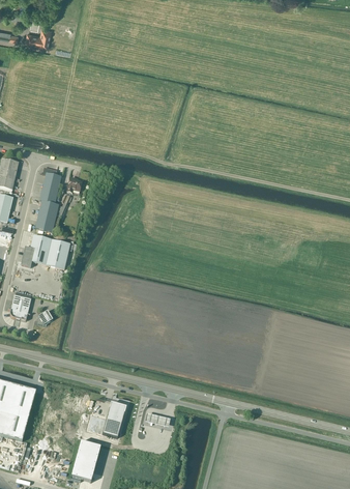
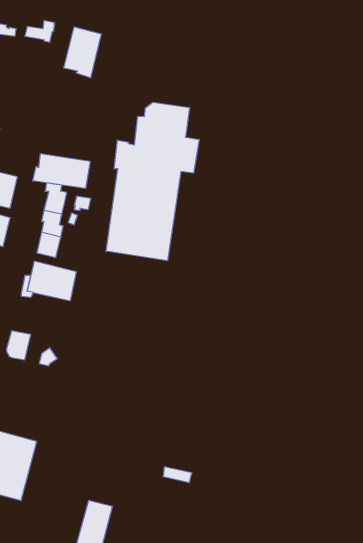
building: none -> [64,27,101,78]
building: none -> [106,102,199,261]
building: none -> [33,154,90,188]
building: [101,402,126,436] -> none

